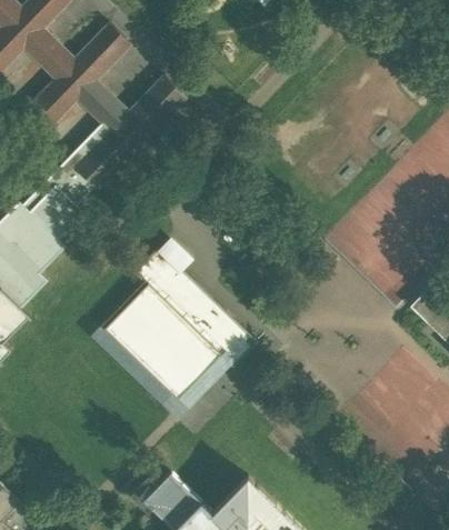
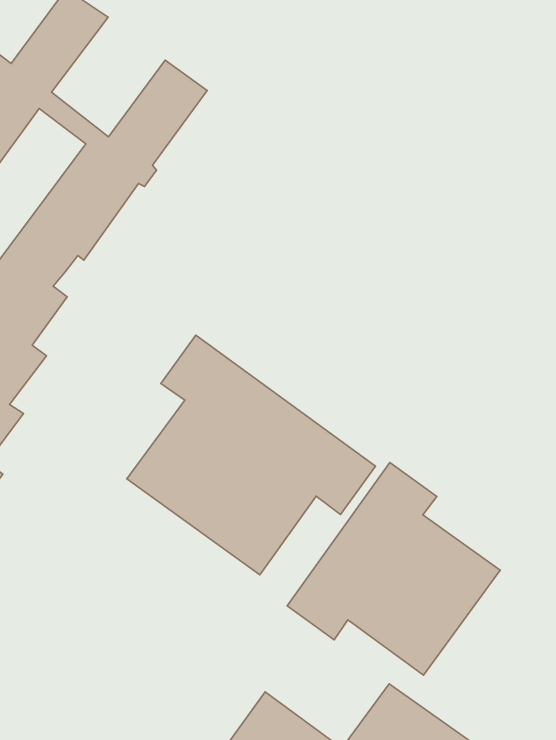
building: none -> [287,462,500,675]

